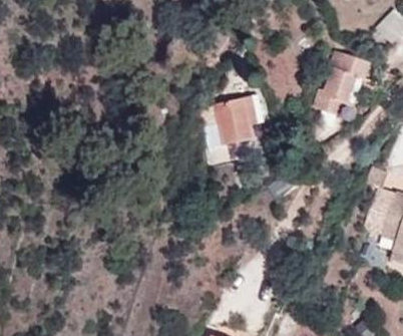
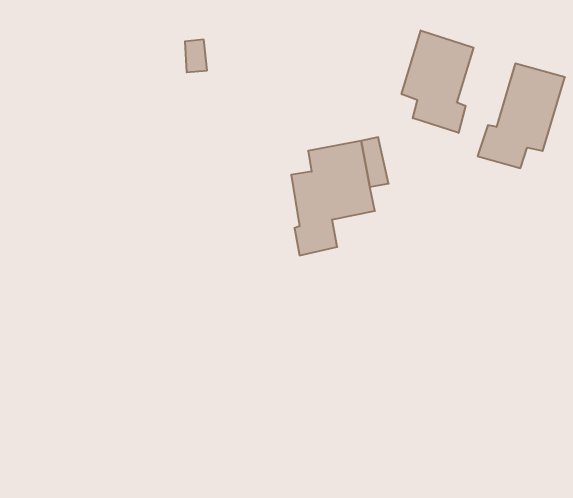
building: none -> [402,30,474,133]

